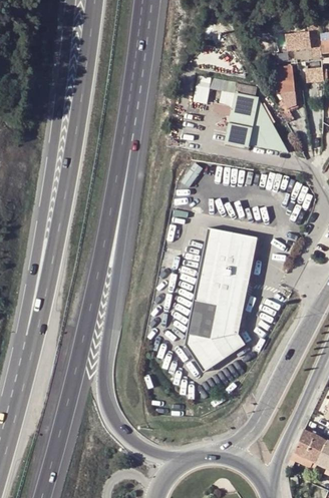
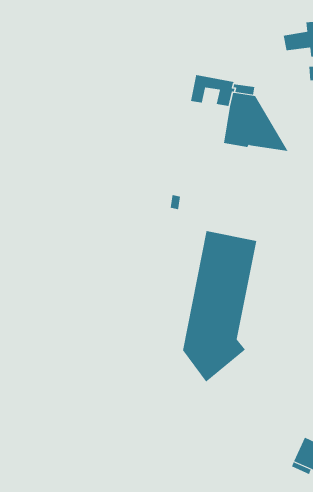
building: [275,66,296,122] -> none

